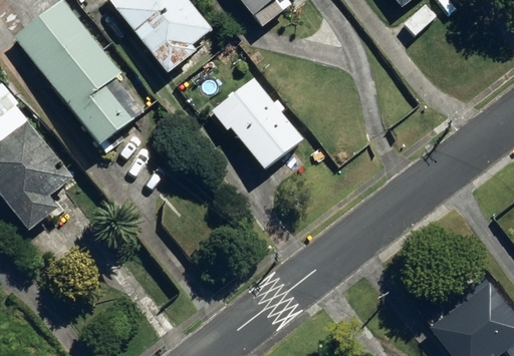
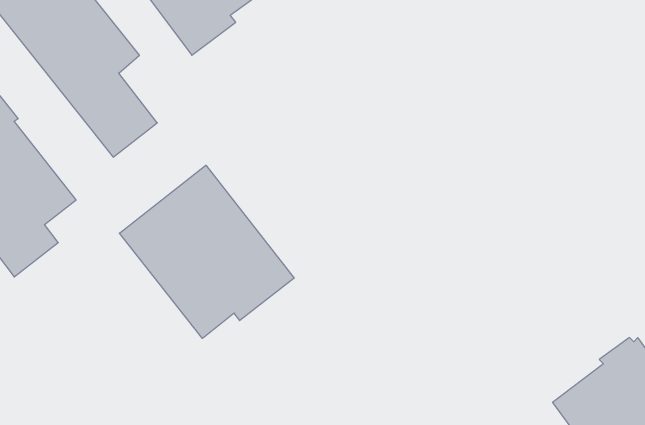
building: [209,76,298,166] -> none
building: none -> [119,165,294,338]

